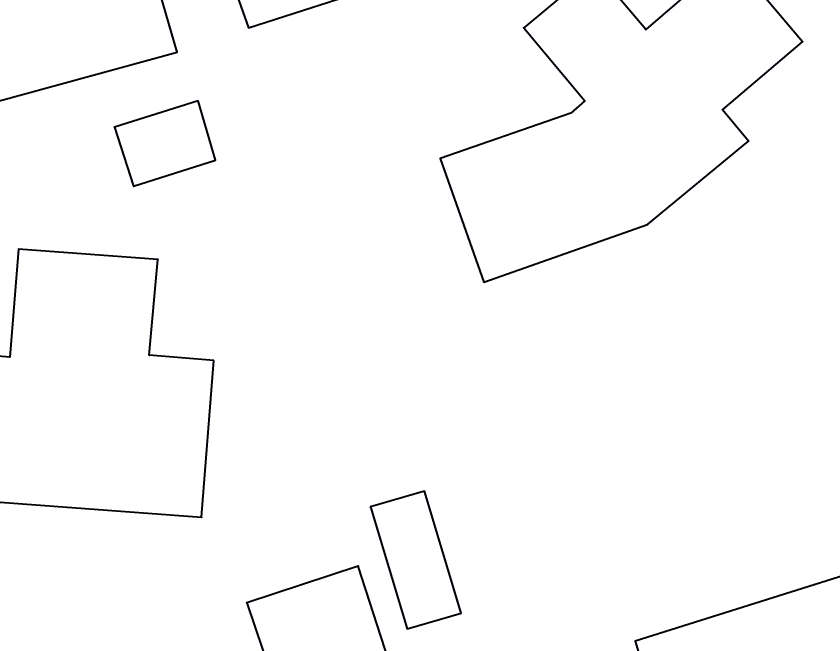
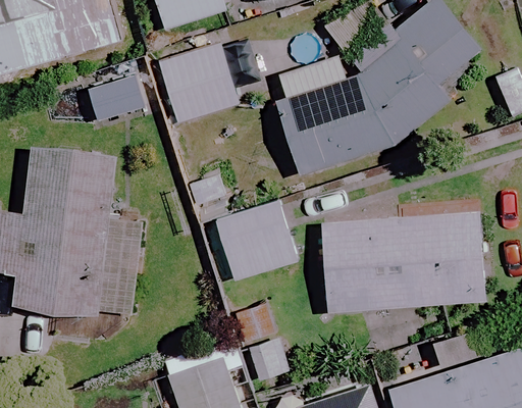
building: none -> [157,41,239,122]
building: none -> [213,198,299,280]
building: none -> [322,212,486,311]

